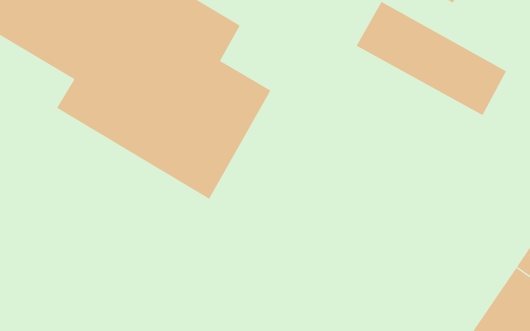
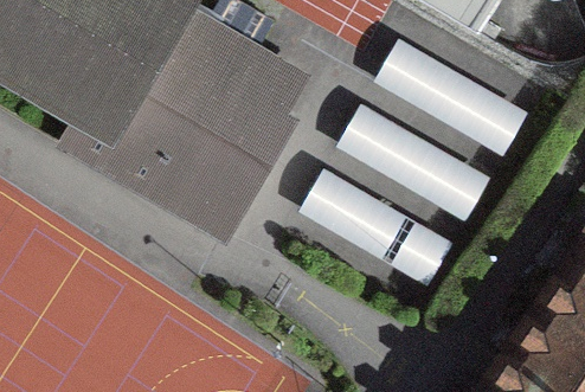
building: none -> [339,102,495,219]
building: none -> [302,166,456,279]

